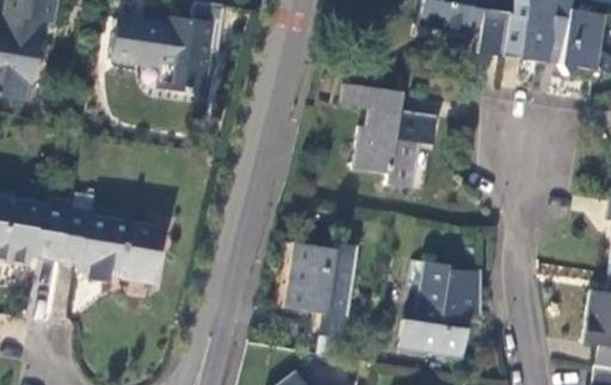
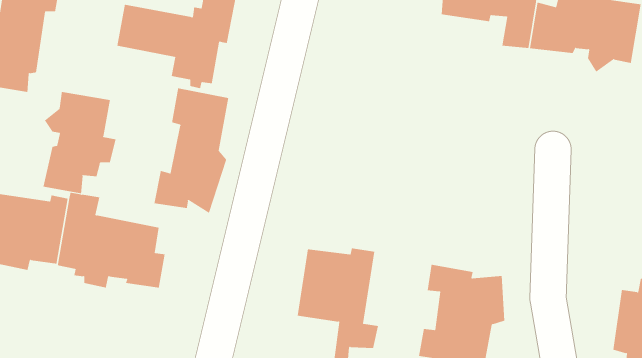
building: [341,85,437,188] -> none
building: none -> [154,87,229,214]
building: none -> [43,91,116,194]

